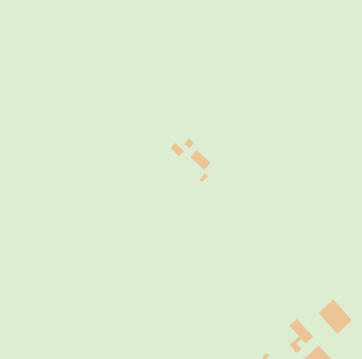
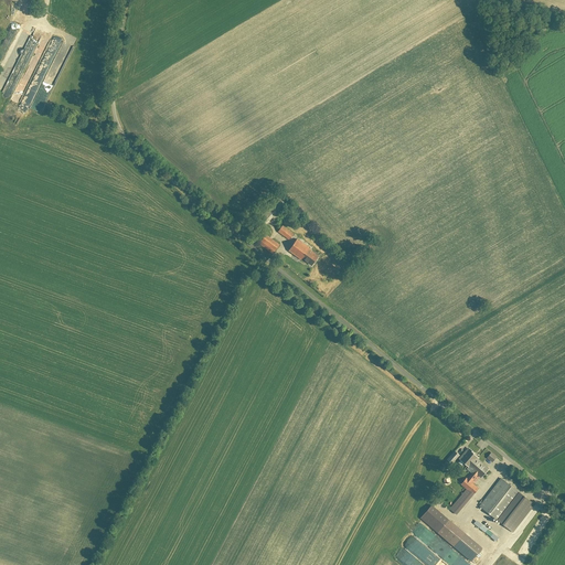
building: [318,299,352,335] -> none

